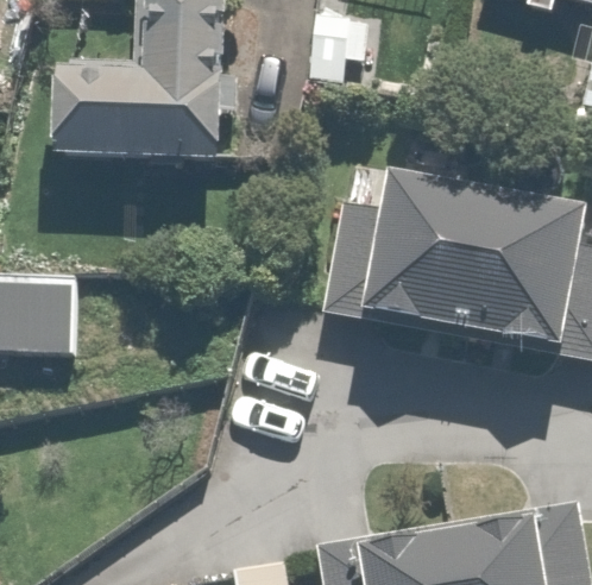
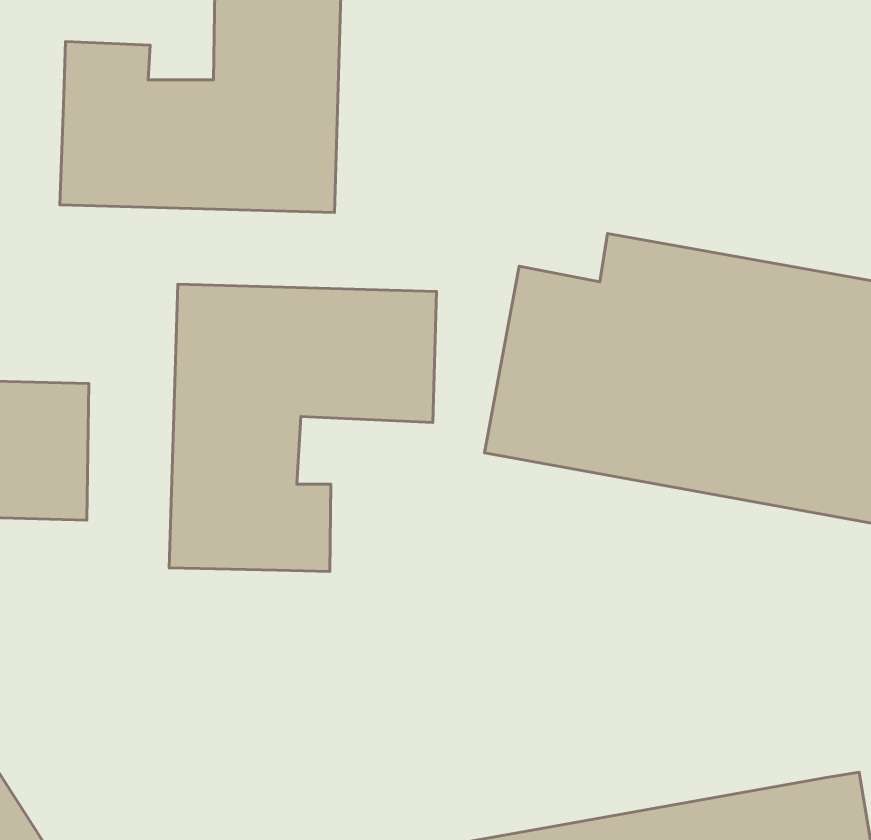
building: none -> [169,284,436,571]

